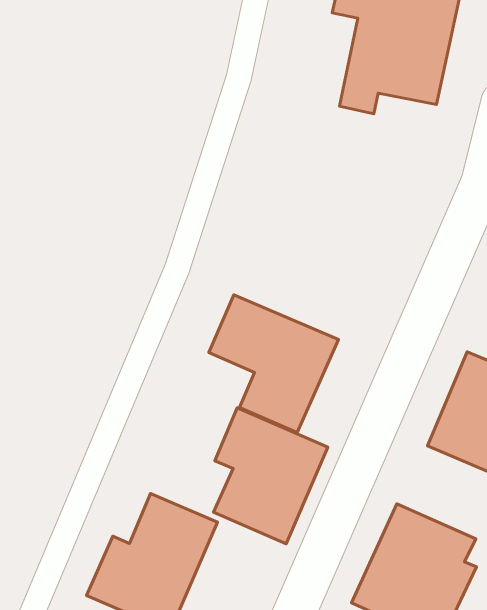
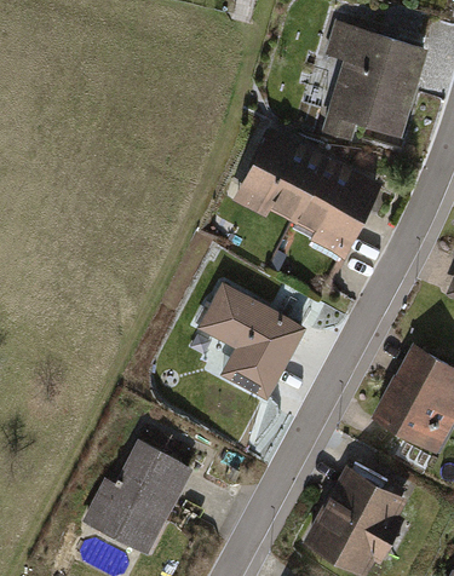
building: none -> [228,126,383,261]
building: [214,408,328,544] -> none

